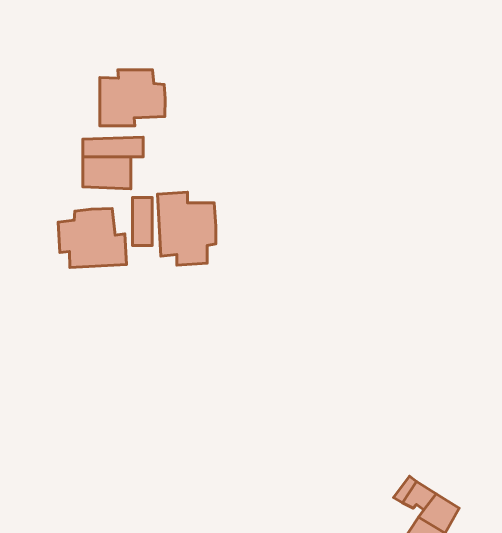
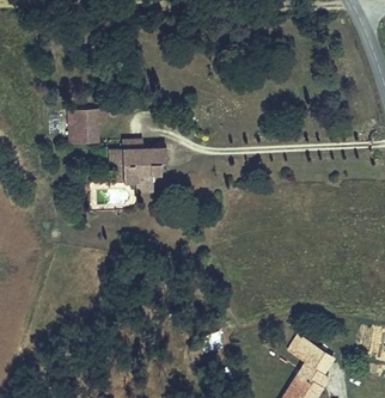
building: [100,70,165,126] -> none
building: [58,208,126,268] -> none

